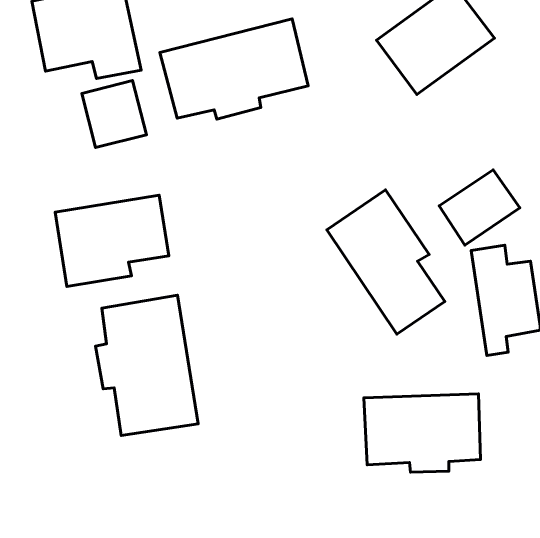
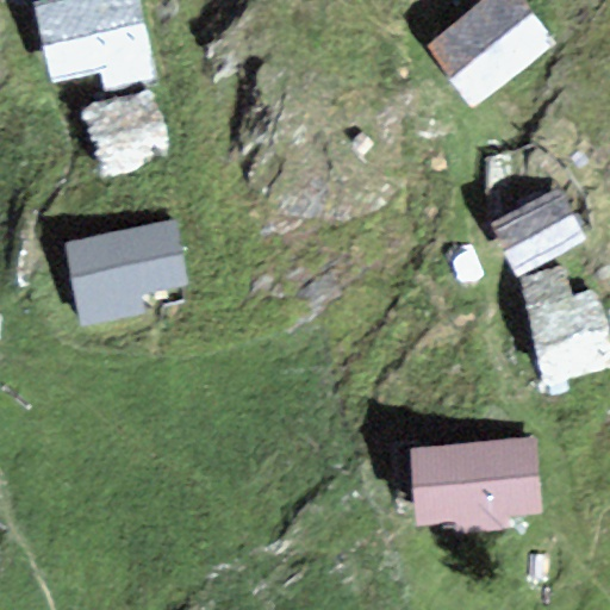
building: [160,19,308,119] -> none
building: [327,190,445,334] -> none
building: [96,295,198,436] -> none

